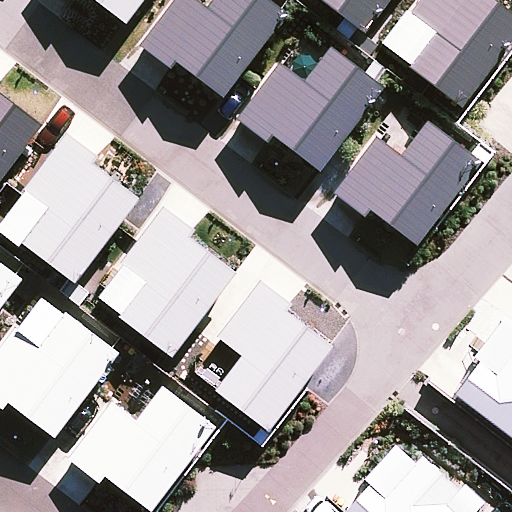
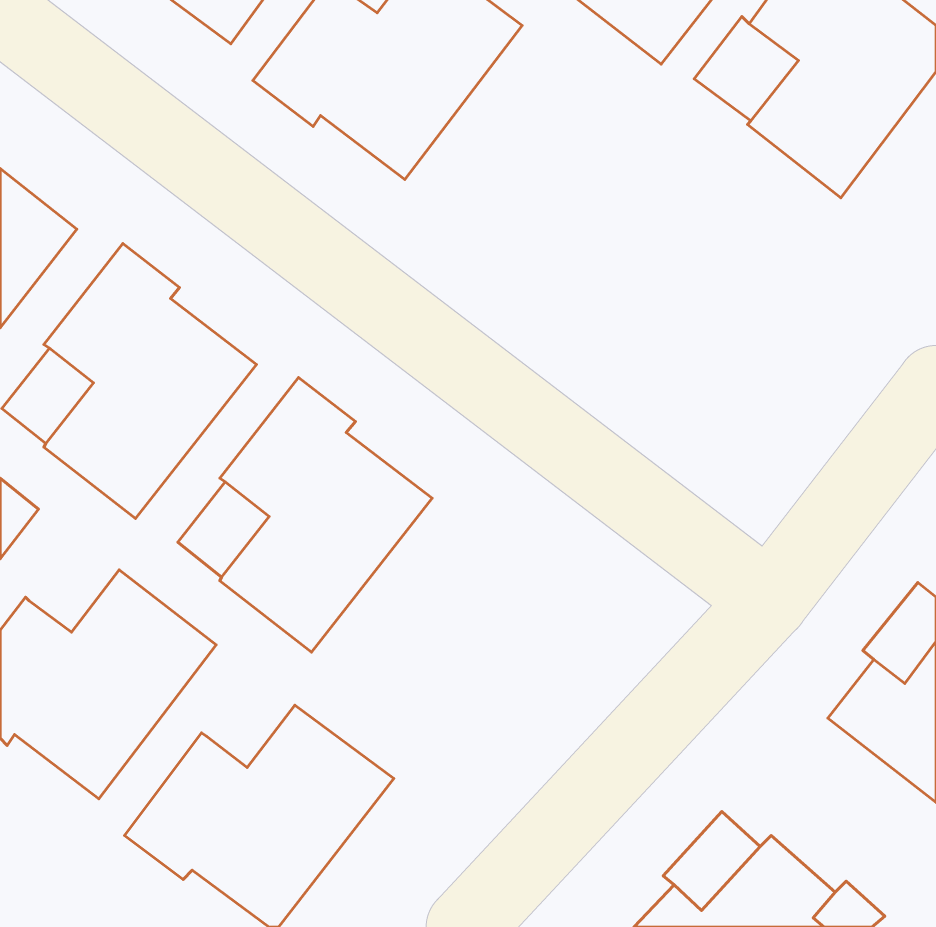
building: [236,47,383,171] -> none
building: [332,121,480,245] -> none
building: [214,280,333,430] -> none

